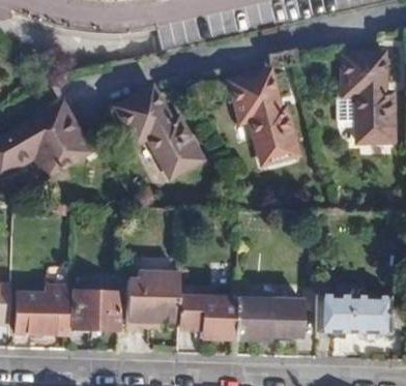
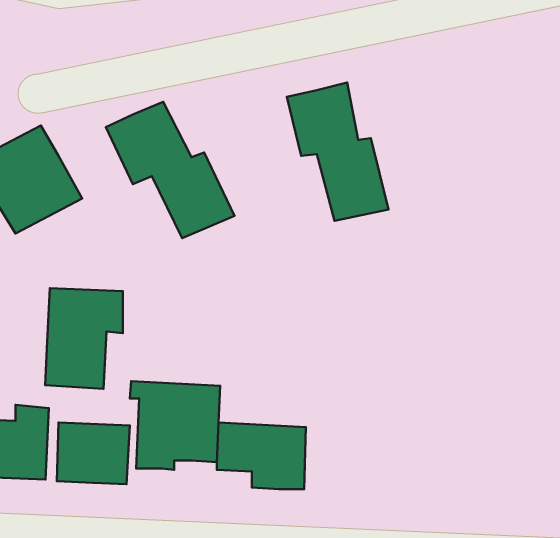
building: [342,57,392,145] -> none
building: none -> [45,288,123,389]
building: [318,295,392,335] -> none
building: [237,299,304,342] -> none

